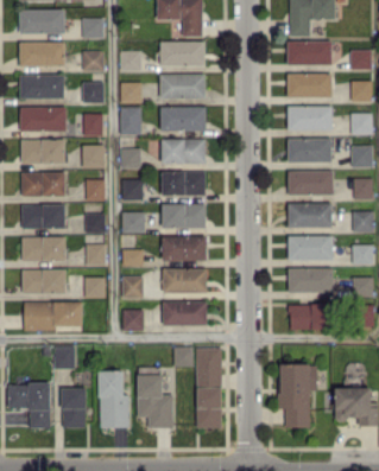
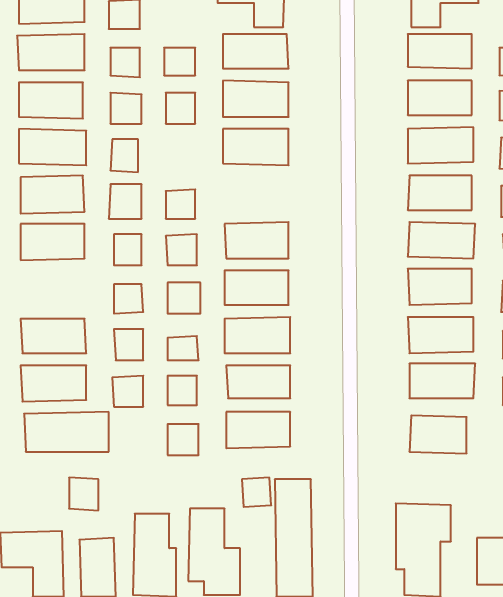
building: [120,107,141,135] -> none
building: [162,139,206,164] -> none
building: [21,204,65,229] -> none

